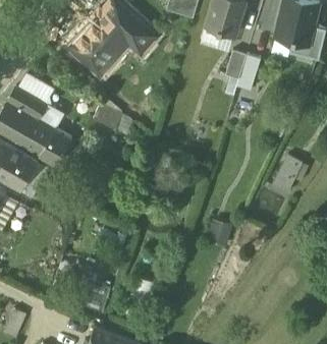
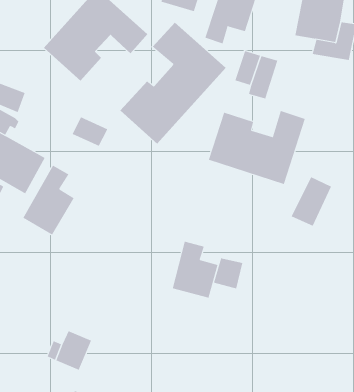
building: none -> [120,22,226,144]
building: none -> [208,110,305,185]
building: none -> [22,165,74,235]
building: none -> [172,241,218,298]

